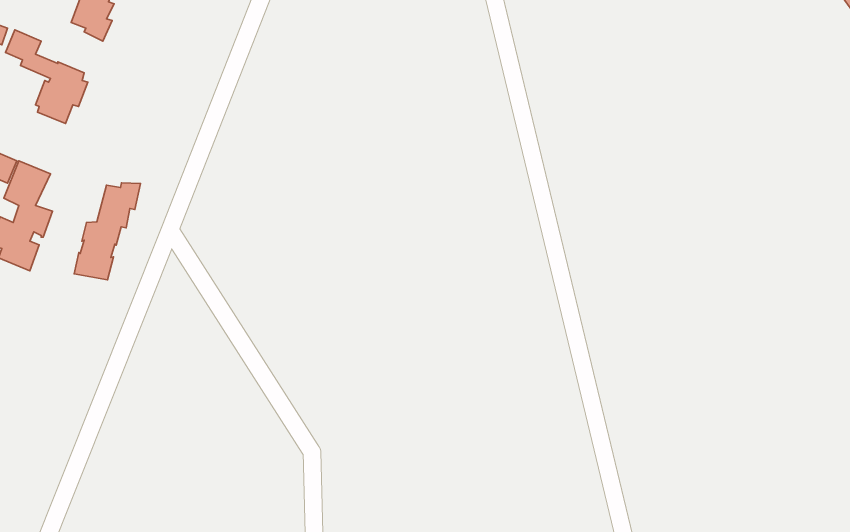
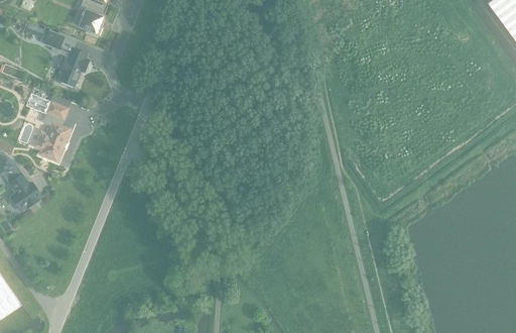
building: [74,183,141,280] -> none

